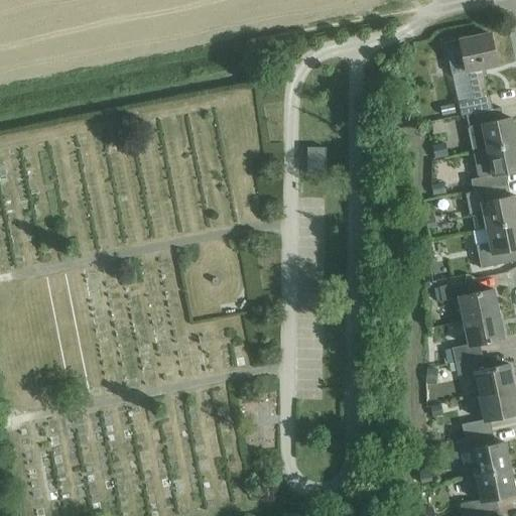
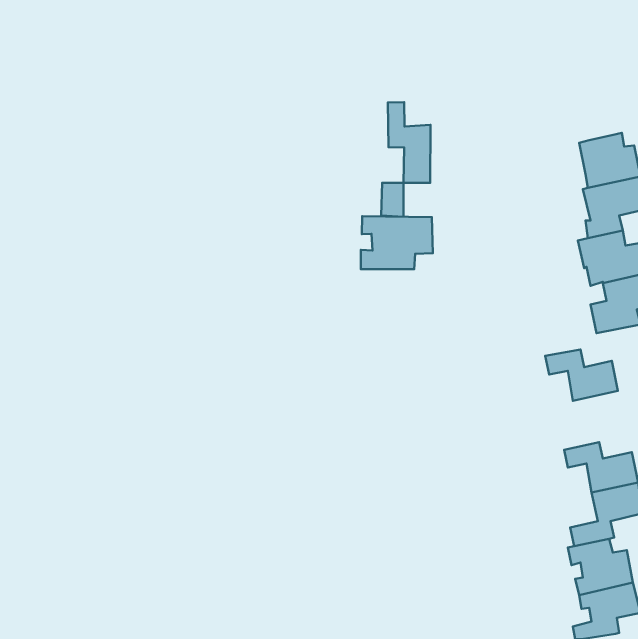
building: [446,33,497,116] -> none
building: none -> [388,102,431,183]
building: none -> [361,216,433,269]
building: [453,314,504,362] -> none

